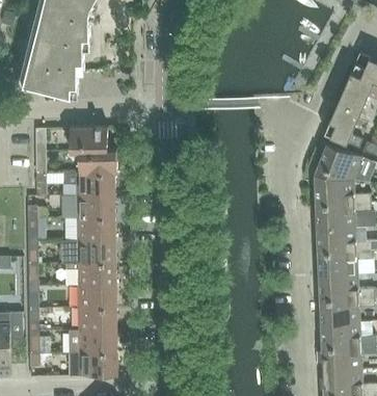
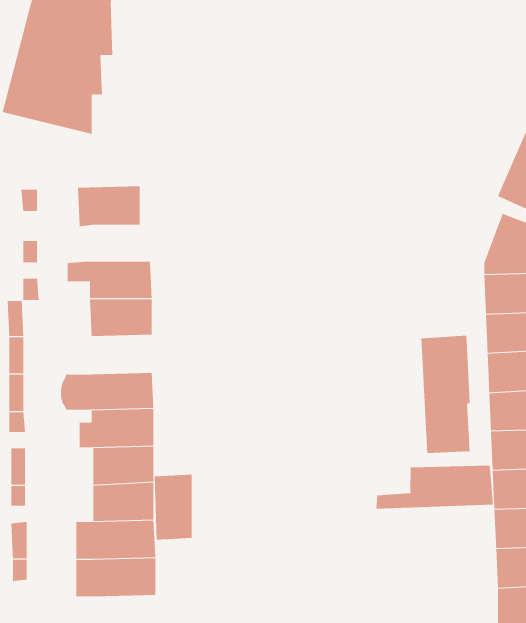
building: [78,150,116,174] -> none
building: [77,217,114,241] -> none
building: none -> [421,335,470,454]
building: none -> [376,465,493,510]
building: none -> [154,474,192,541]

